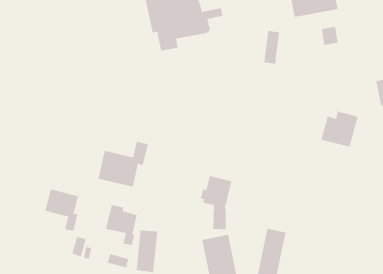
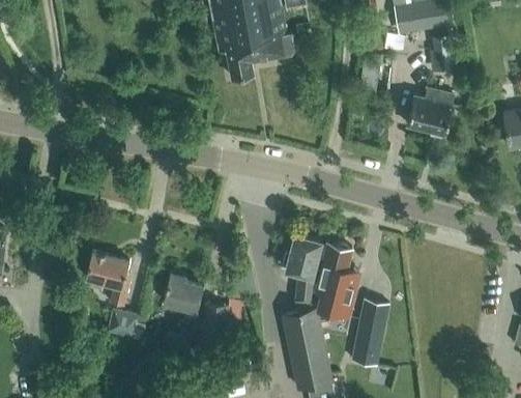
building: [321,111,358,147] -> [406,89,454,135]
building: [98,141,149,187] -> none
building: none -> [316,245,353,316]

